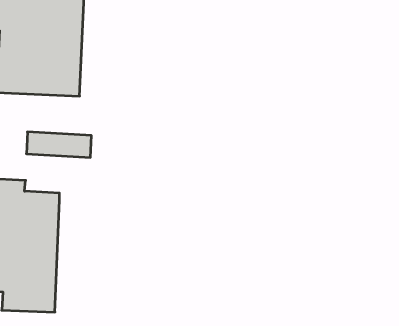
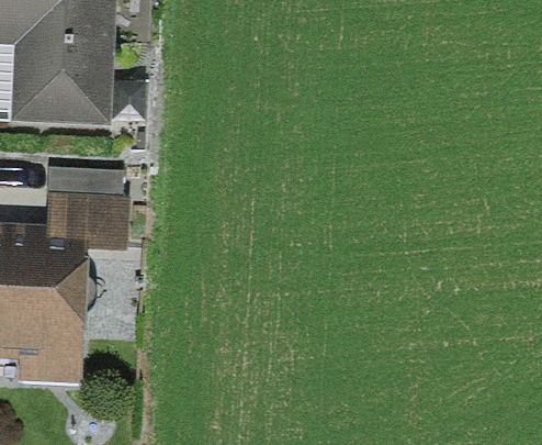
building: none -> [44,193,127,252]

